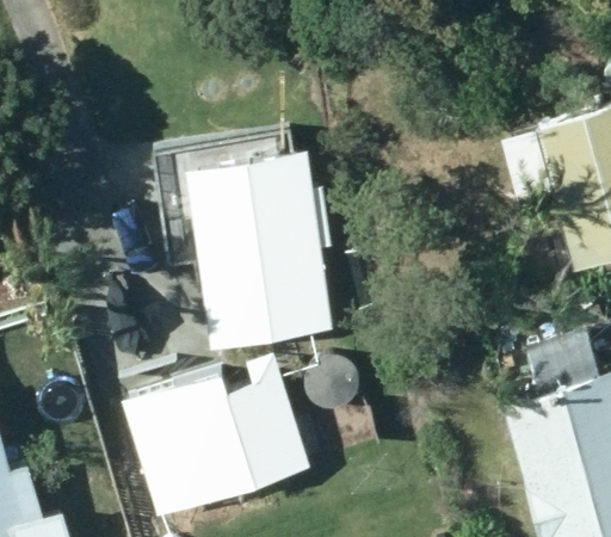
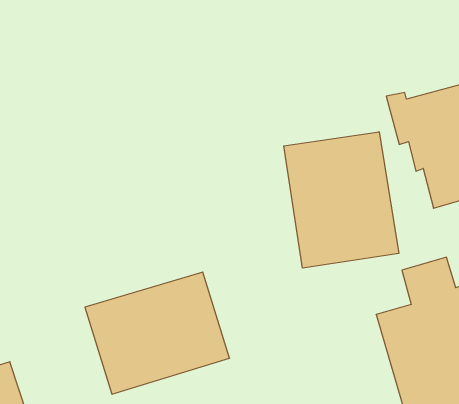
building: [159,156,335,352] -> none
building: none -> [284,132,399,268]

